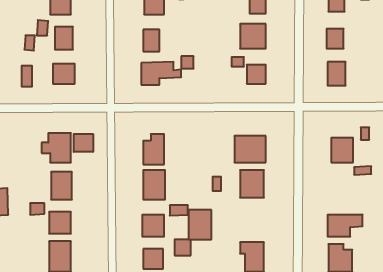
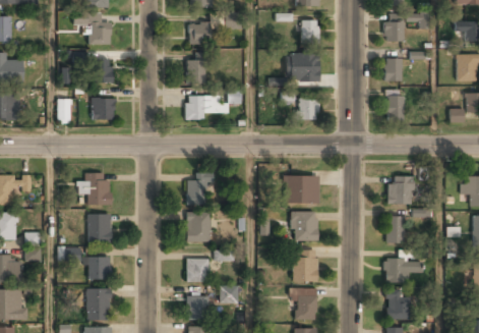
building: [74,134,93,152] -> none
building: none -> [386,217,405,243]
building: [189,210,211,239] -> [293,252,317,283]

